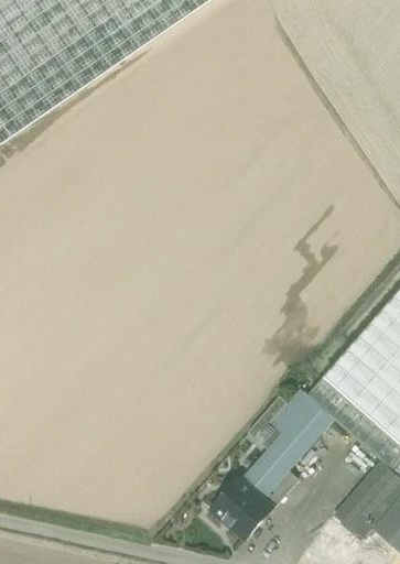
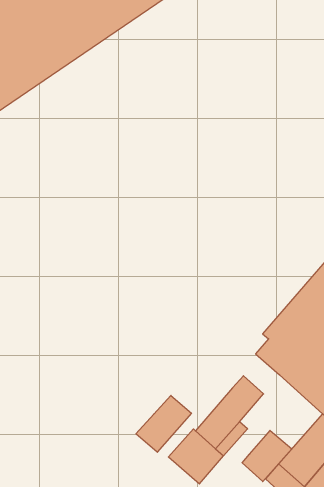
building: [271,389,334,440] -> none
building: none -> [136,395,191,452]
building: none -> [242,430,292,482]

